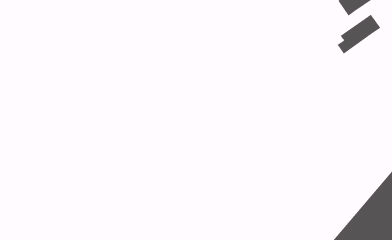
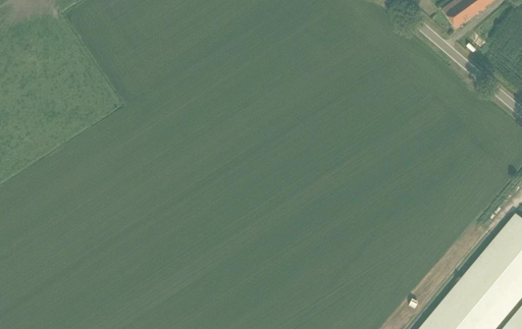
building: [337,14,381,54] -> none

